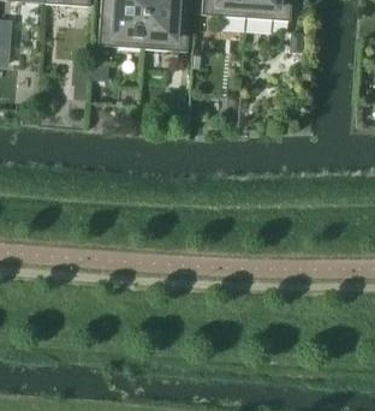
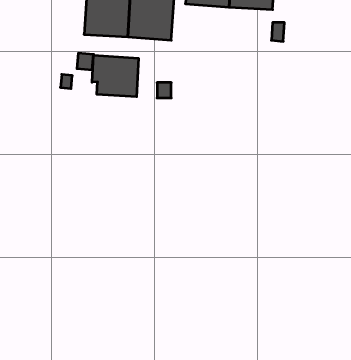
building: none -> [92,55,138,97]

